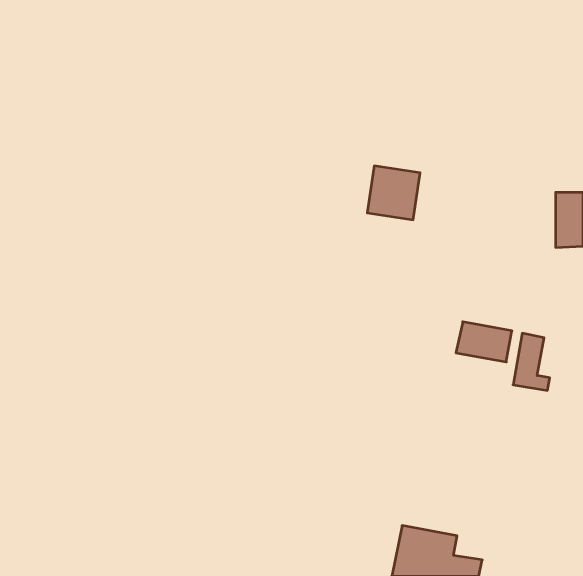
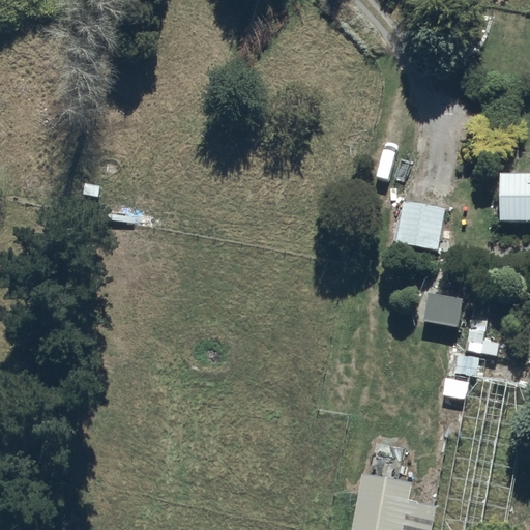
building: [367,166,420,220] -> [398,199,445,247]

